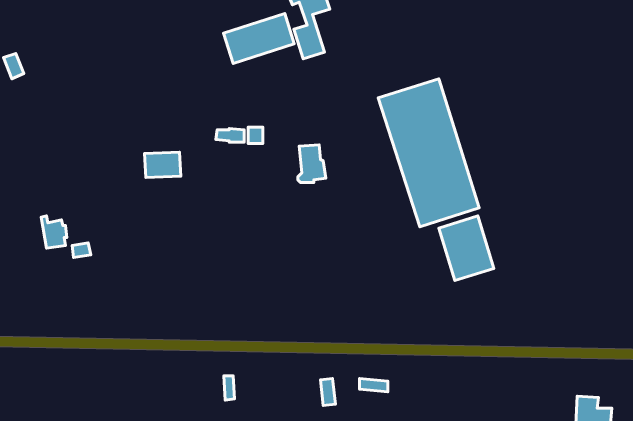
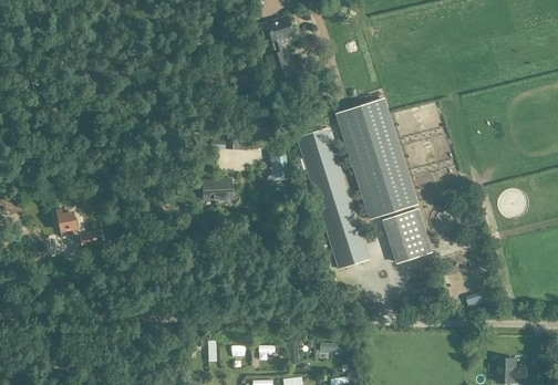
building: [224,14,294,63] -> none
building: none -> [297,128,369,269]
building: [145,152,181,178] -> [203,179,232,200]

